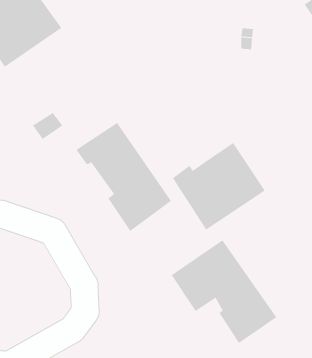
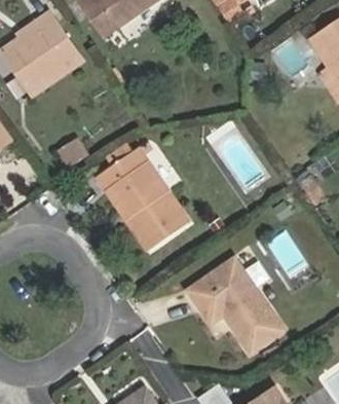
building: [172,142,265,230] -> none

